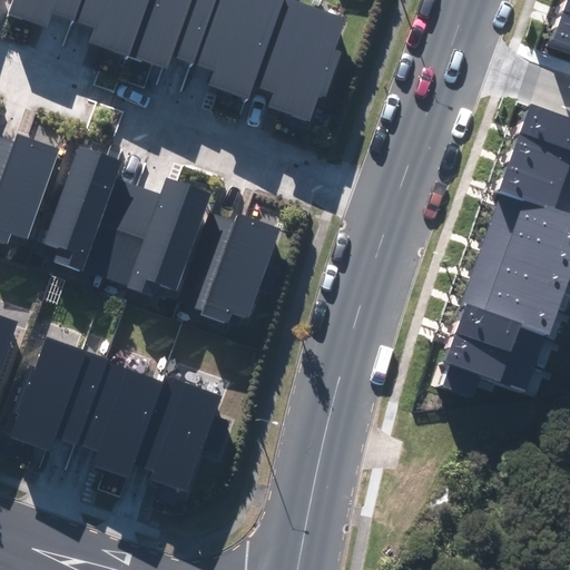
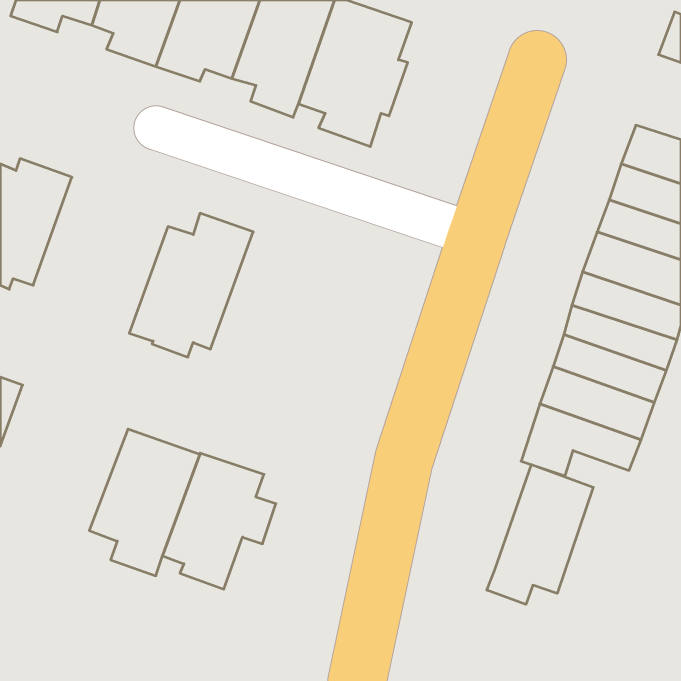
building: [46,147,140,278] -> none
building: [183,215,281,325] -> none
building: [11,337,107,451] -> none
building: none -> [487,465,593,604]

